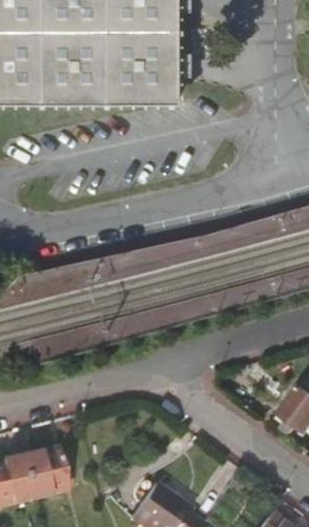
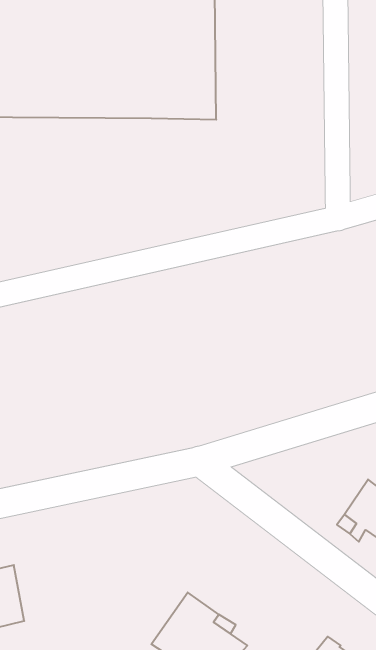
building: [15,447,60,499] -> none

